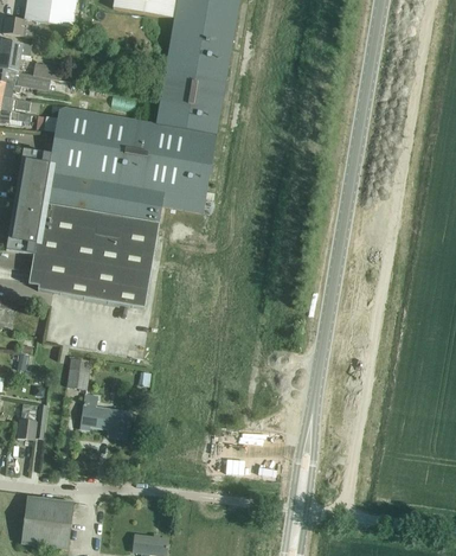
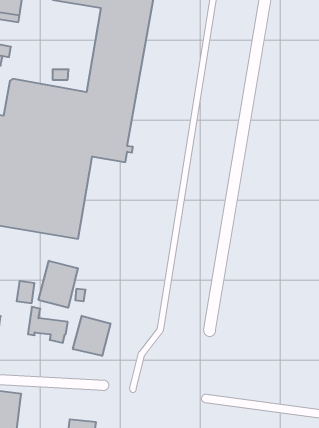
building: none -> [39,261,78,308]
building: none -> [73,316,110,356]

